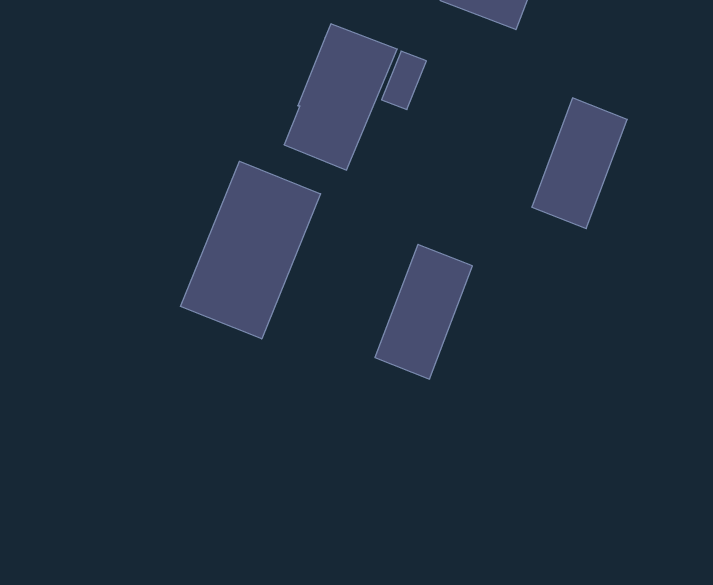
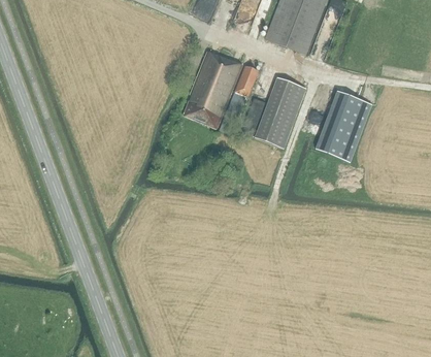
building: [180,161,321,339] -> none
building: [375,244,472,379] -> [255,76,306,148]

